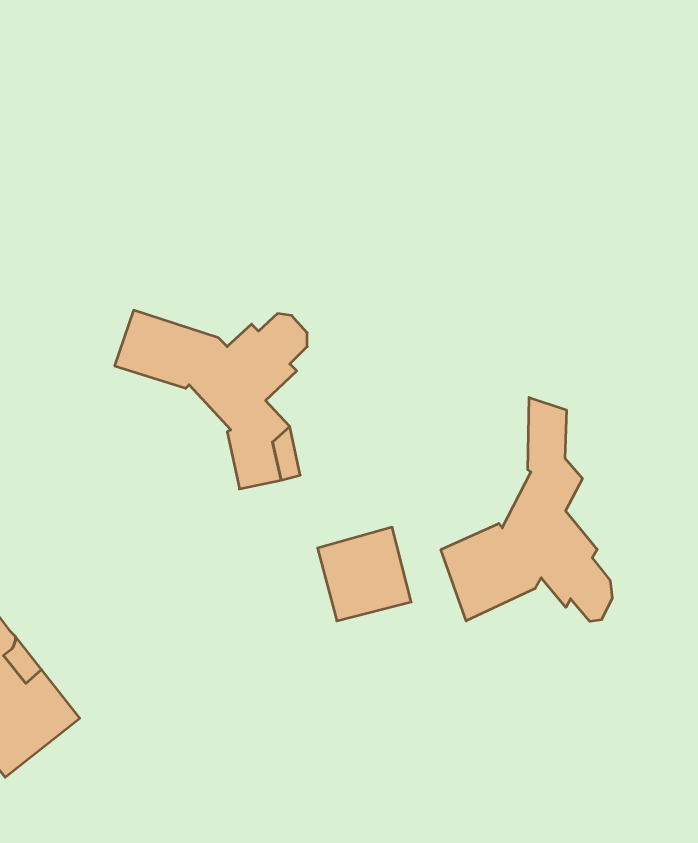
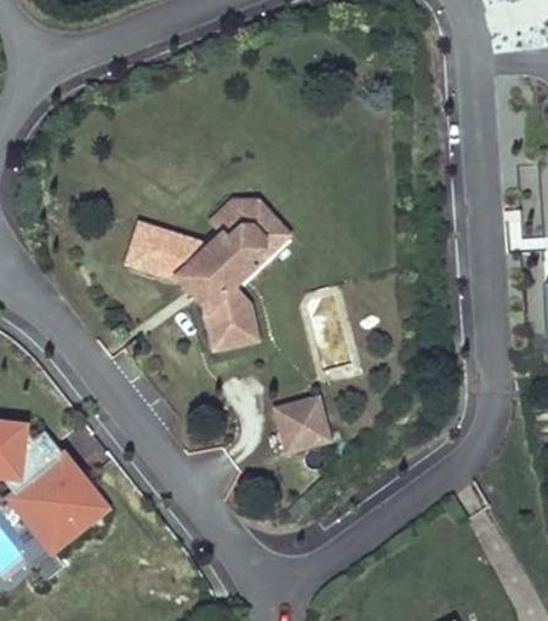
building: none -> [199,204,287,269]
building: [441,397,612,621] -> none

